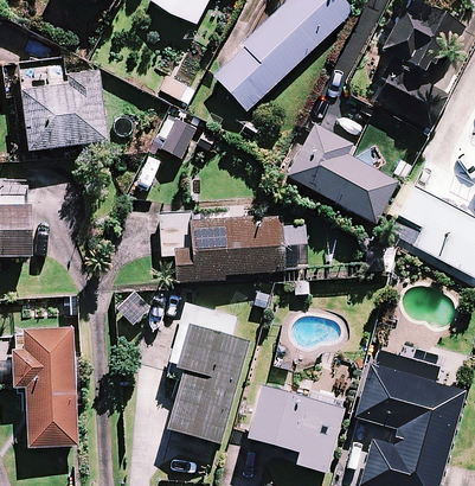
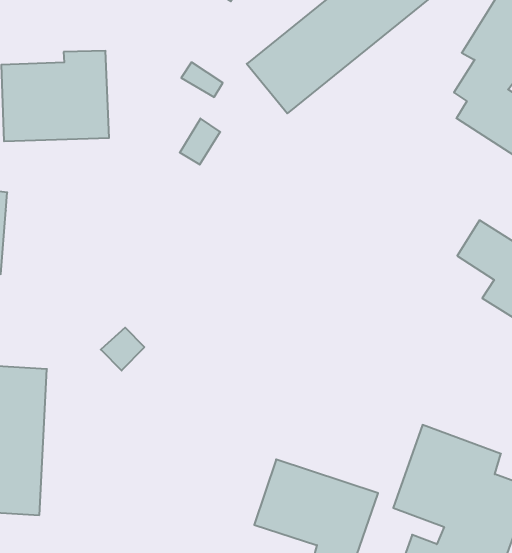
building: [284,124,397,223] -> none
building: [161,211,308,281] -> none
building: [168,306,248,442] -> none

